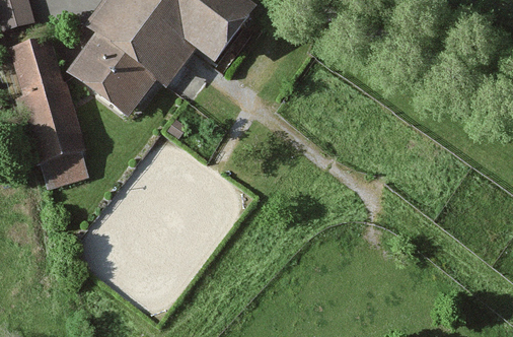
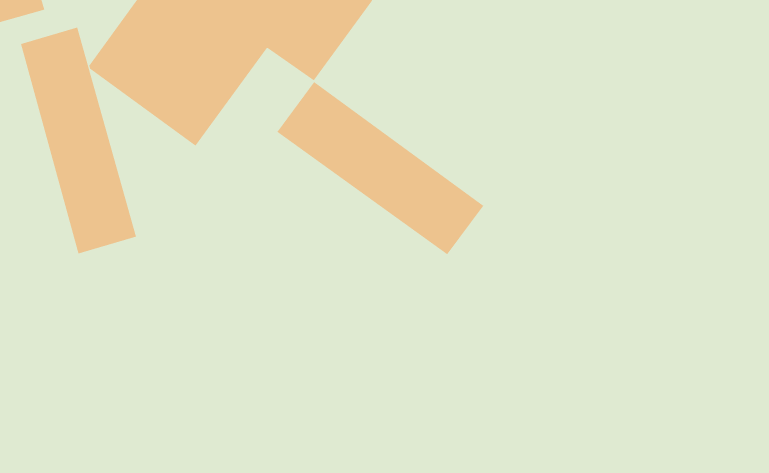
building: none -> [276,81,484,255]

